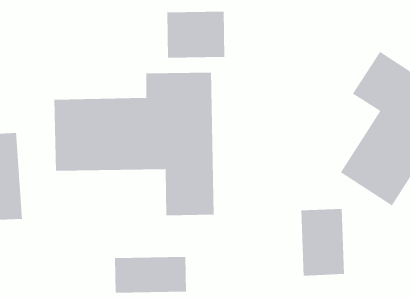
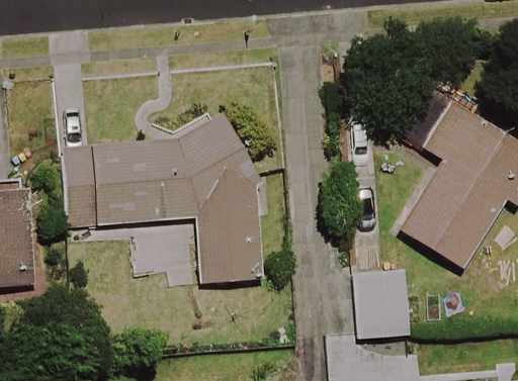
building: [166,11,225,59] -> none
building: [114,256,187,294] -> none

